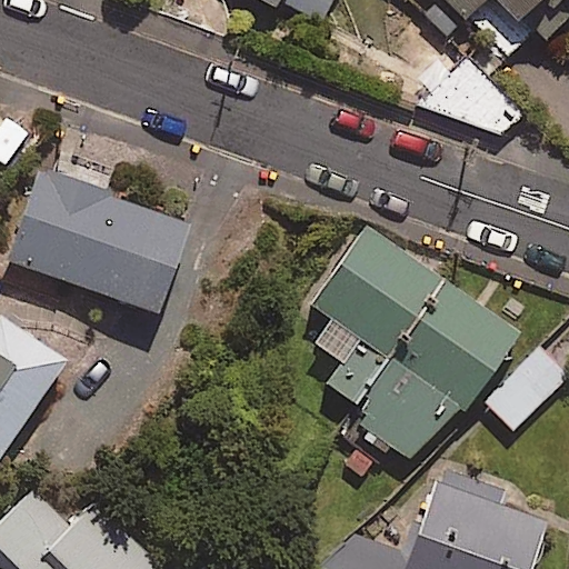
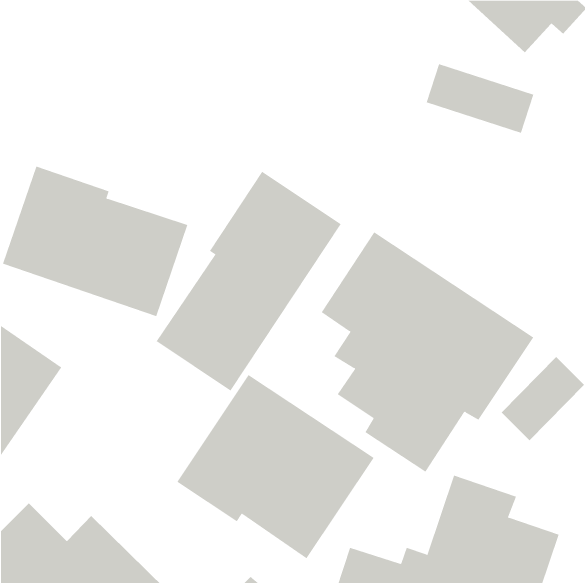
building: none -> [156,171,342,391]
building: none -> [176,374,375,559]

